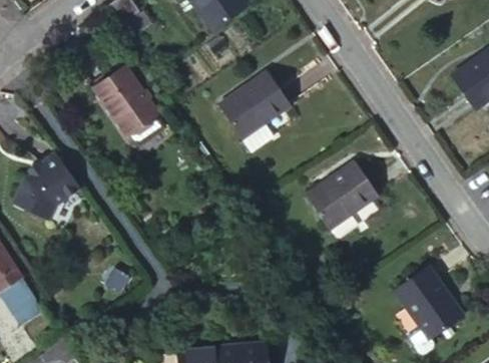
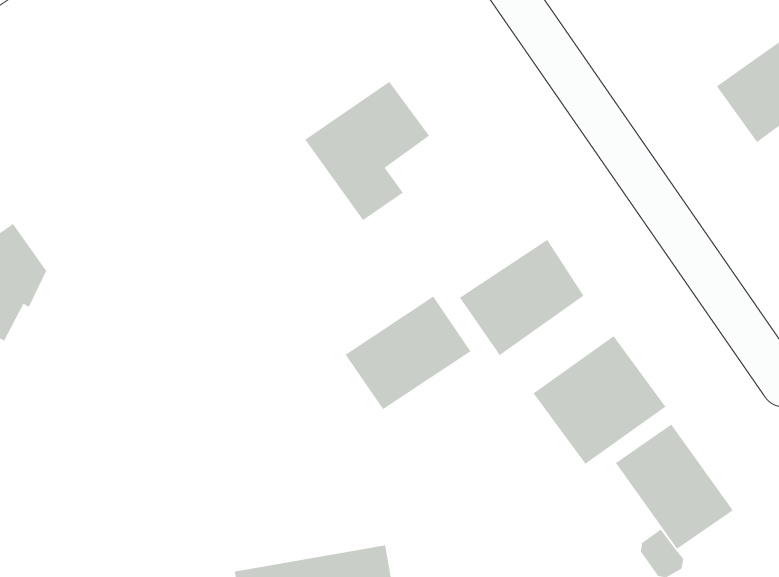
building: [95,66,165,143] -> none
building: none -> [344,296,472,410]
building: none -> [532,335,666,465]

